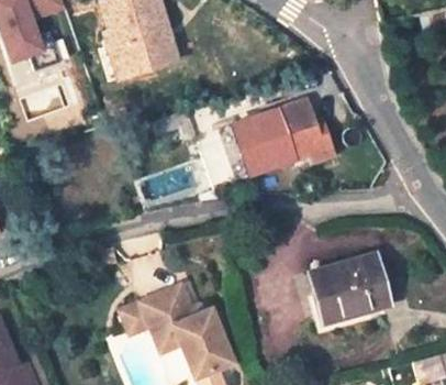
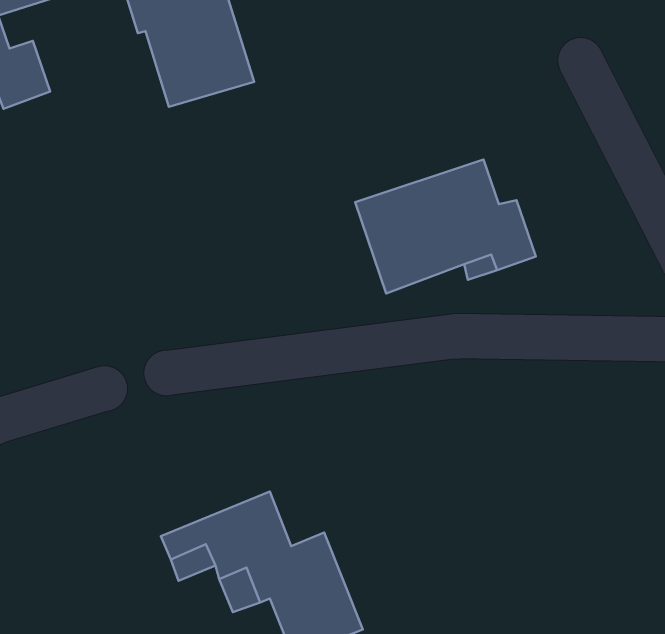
building: [311,252,390,316] -> none

